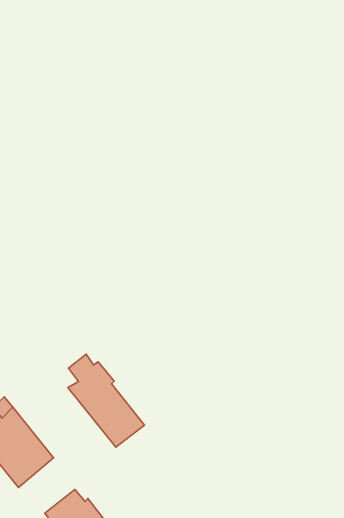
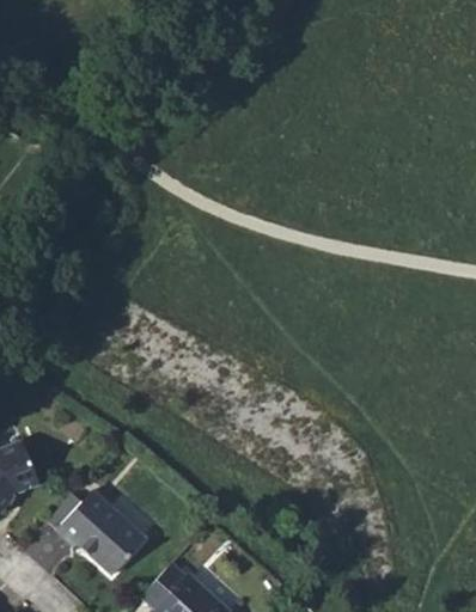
building: [68,354,145,447] -> none

